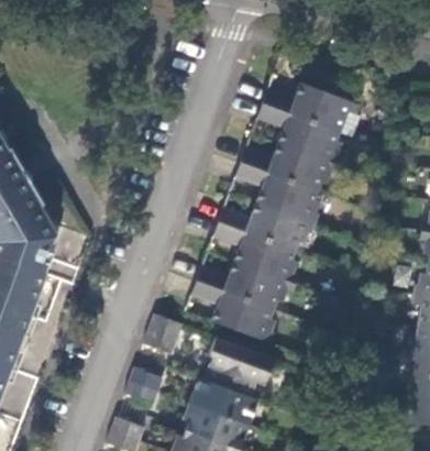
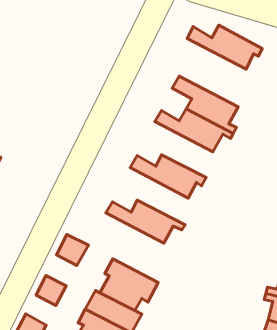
building: [267,87,360,136] -> [187,25,262,69]
building: [239,166,319,227] -> none
building: [216,226,298,287] -> none
building: [192,284,273,345] -> none

